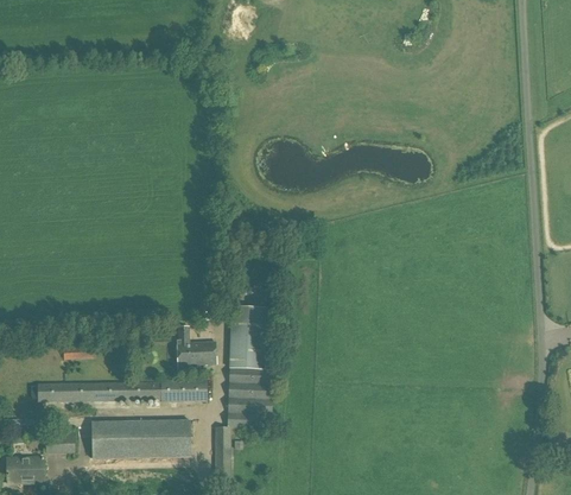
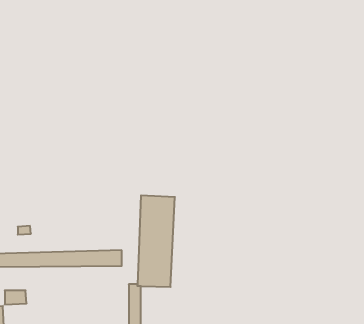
building: [176,324,215,368] -> none
building: [90,418,190,457] -> none

